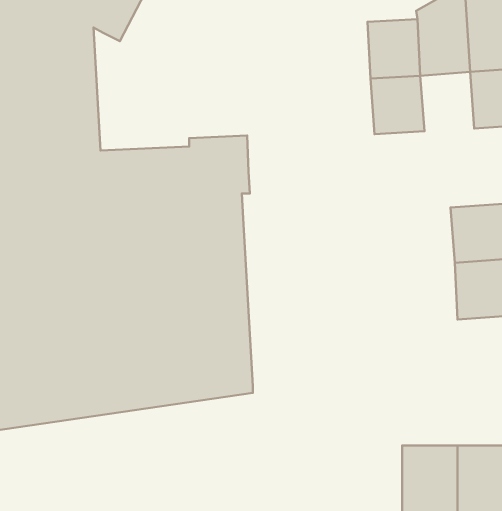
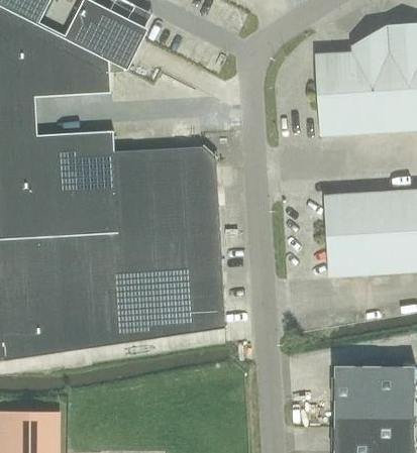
building: none -> [348,93,388,136]
building: none -> [325,192,376,276]

